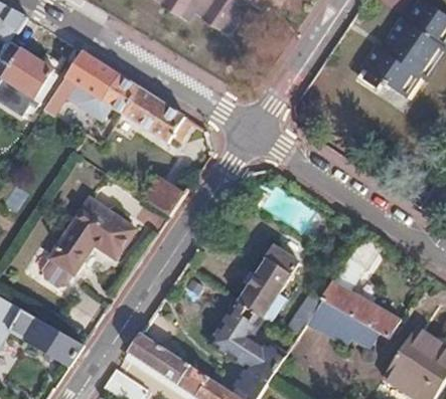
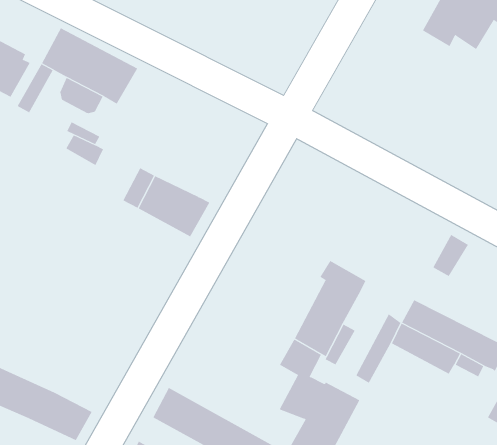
building: [120,86,183,142] -> none
building: [51,204,131,276] -> none
building: [205,298,240,355] -> none

